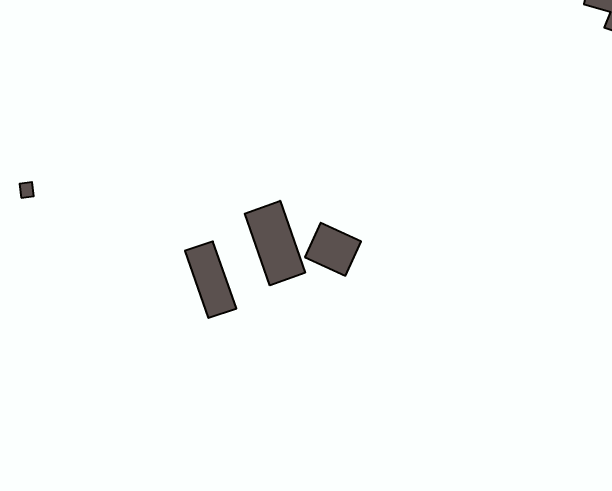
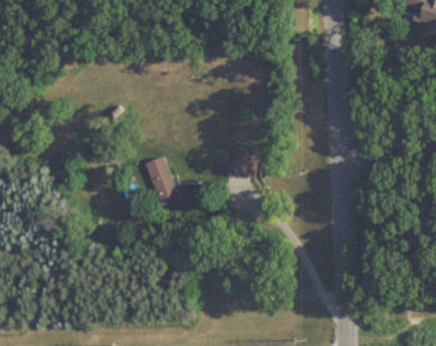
building: [245,201,305,285] -> none

